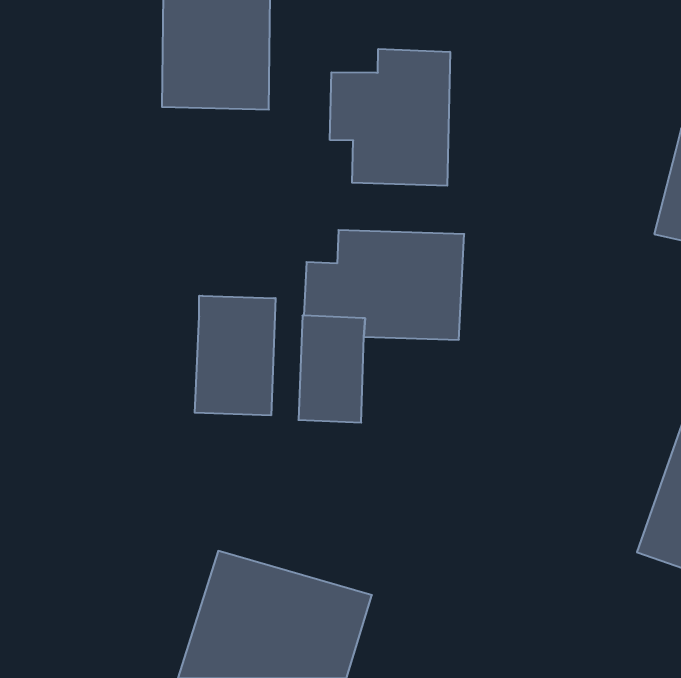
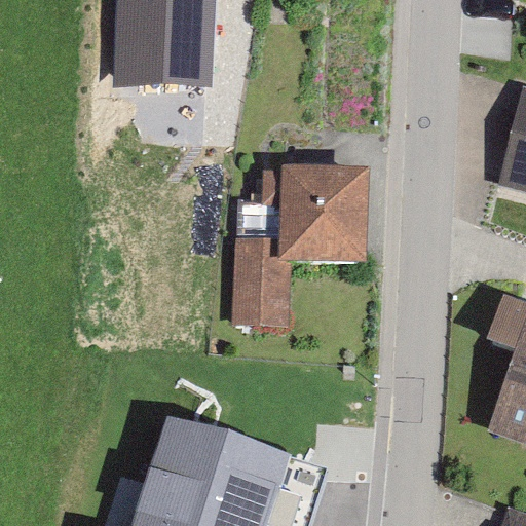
building: [330,49,450,186] -> none
building: [195,296,276,415] -> none

